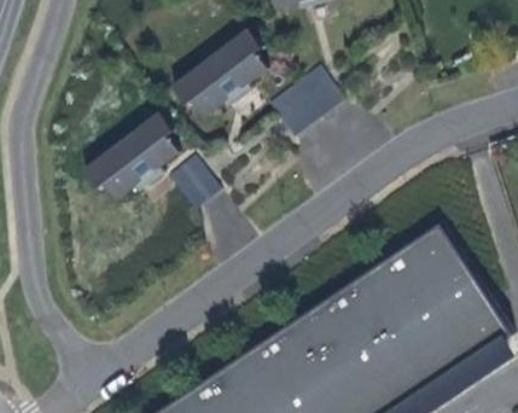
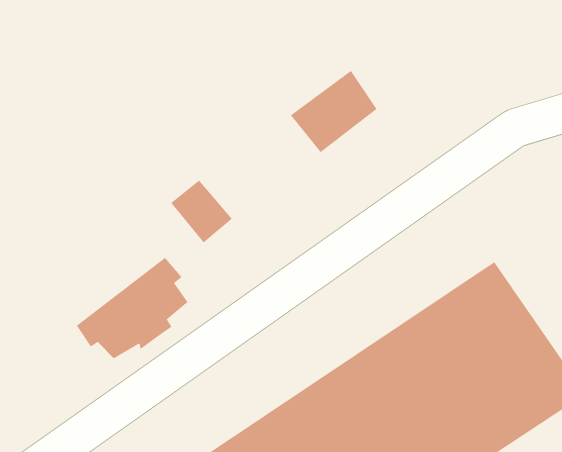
building: [171,30,266,116] -> none
building: [86,114,179,198] -> [76,257,188,359]

